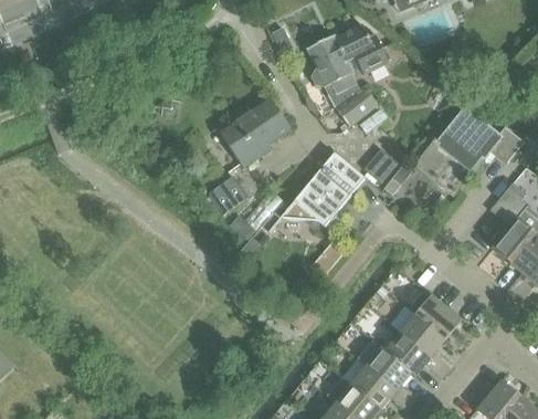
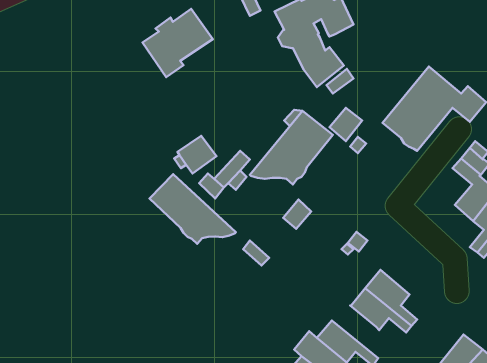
building: [219,97,291,167] -> [143,9,213,77]
building: none -> [150,174,236,244]
building: [415,294,461,338] -> none
building: [358,339,419,404] -> none

